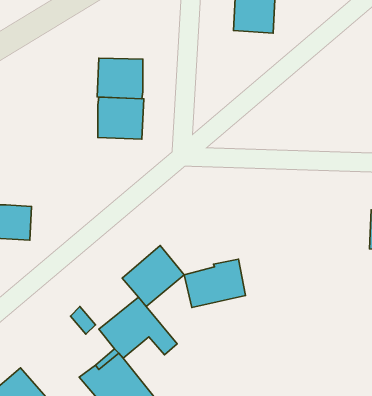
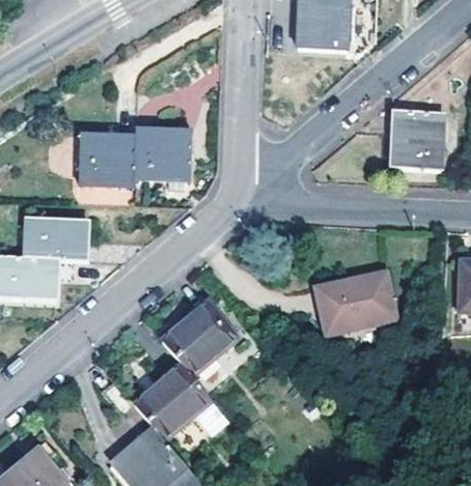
building: [97,58,143,99] -> [79,135,134,183]
building: none -> [391,109,441,168]
building: none -> [23,215,85,259]
building: [184,259,245,307] -> [316,276,390,334]

